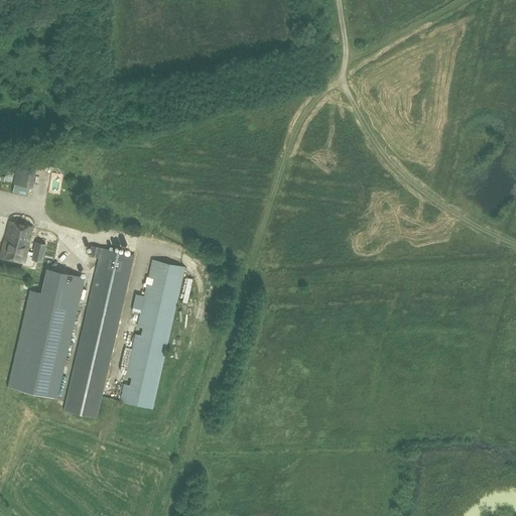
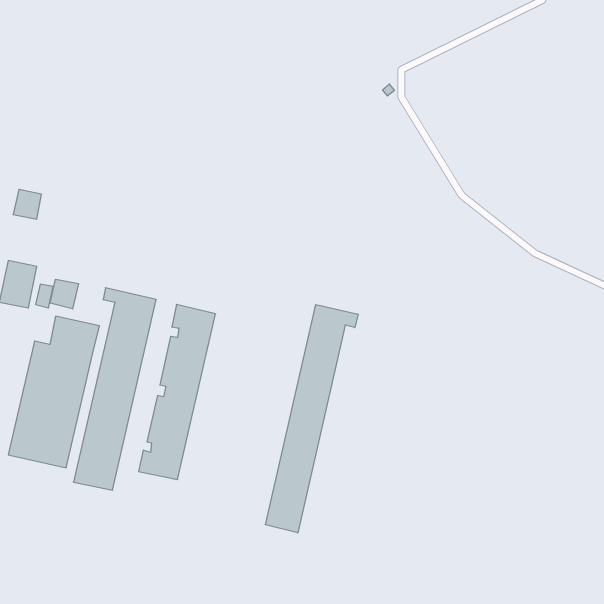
building: none -> [50,279,78,309]
building: none -> [266,305,358,533]

